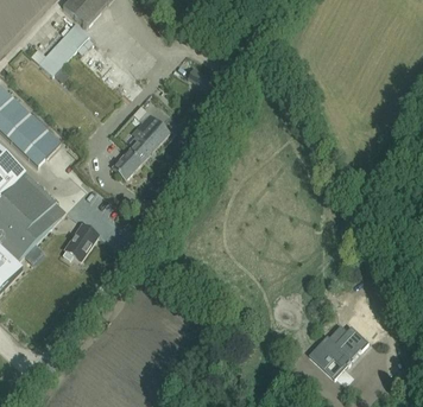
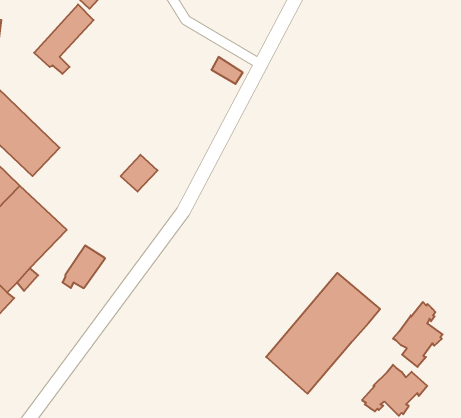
building: [128,112,170,160] -> none
building: none -> [266,273,380,394]
building: none -> [393,302,443,367]

